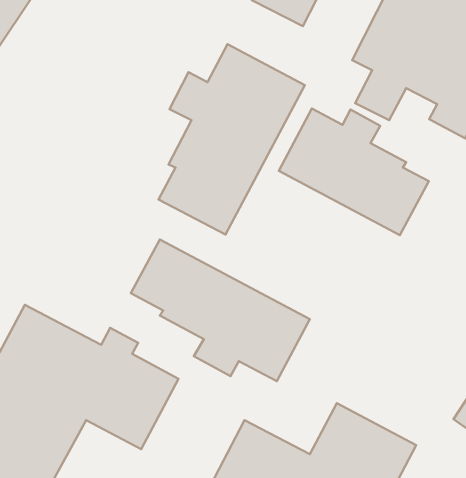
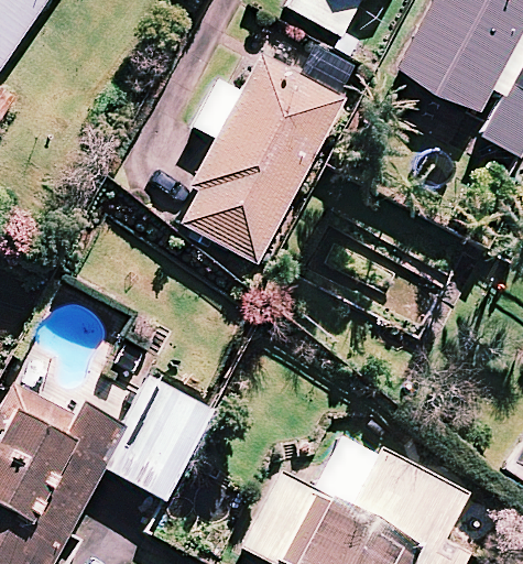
building: [279,109,429,235] -> none
building: [131,240,310,381] -> none

